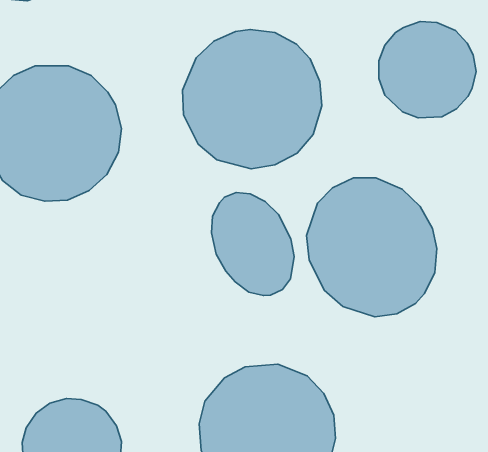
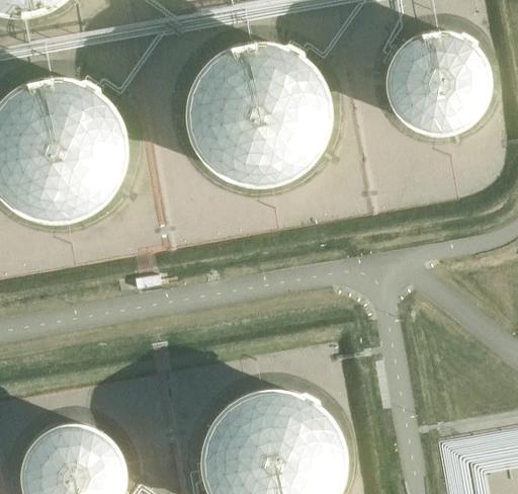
building: [307,178,437,317] -> none
building: [212,192,294,296] -> none

